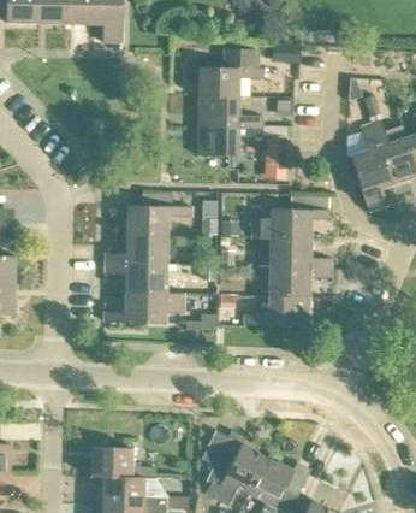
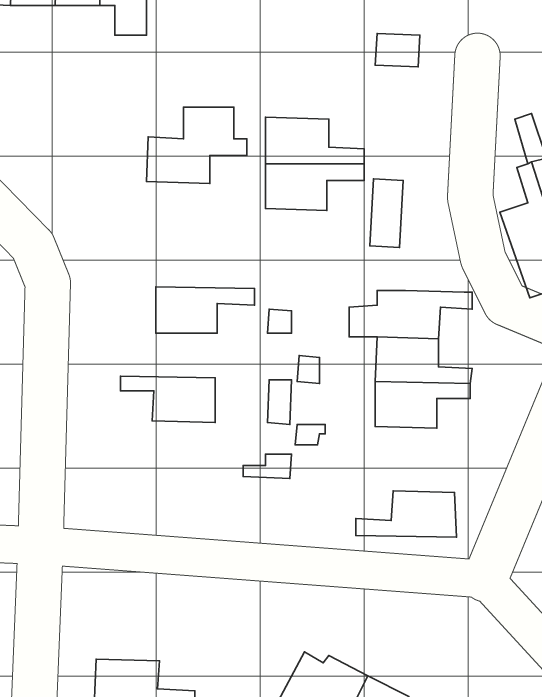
building: [200,47,265,96] -> [146,107,247,183]
building: [106,235,168,264] -> none
building: [106,291,185,322] -> none
building: [246,295,311,325] -> [356,491,456,537]

